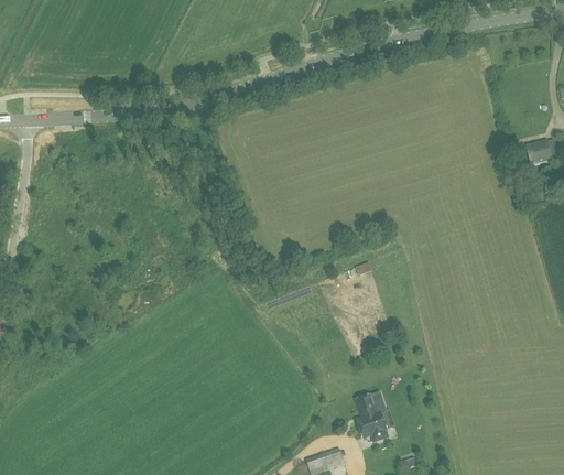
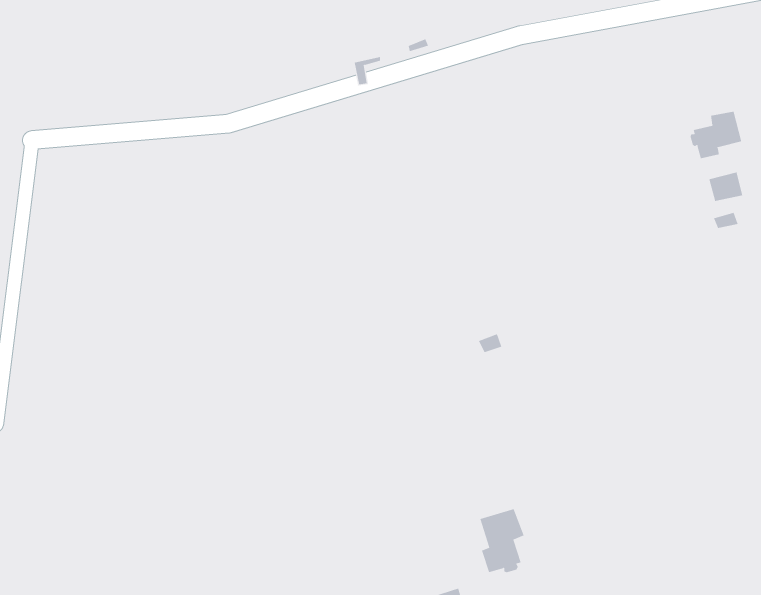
building: none -> [690,111,742,159]

